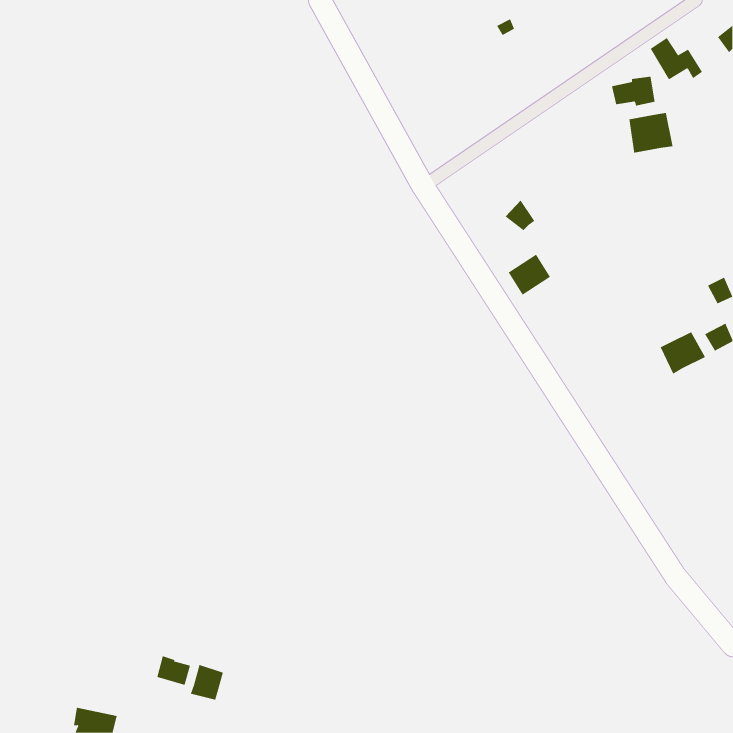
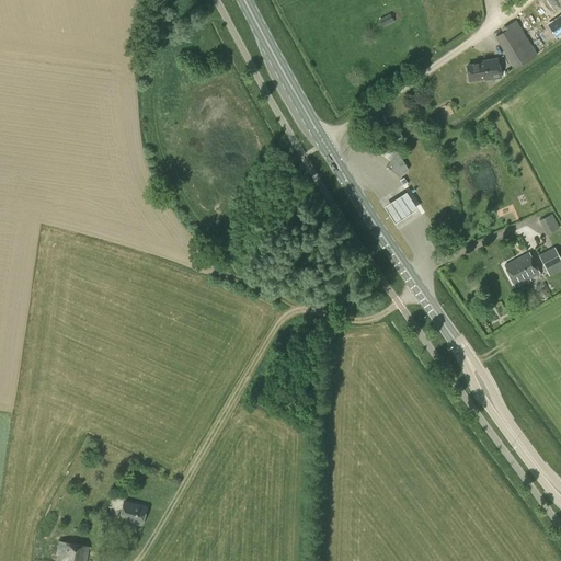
building: [629,112,673,154] -> none
building: [190,664,224,701] -> none

